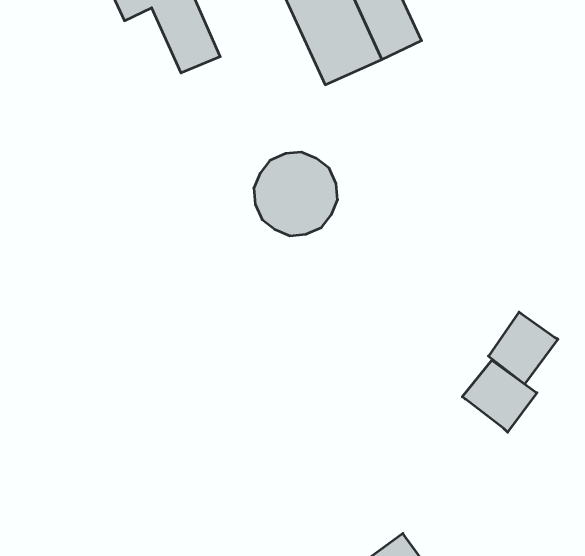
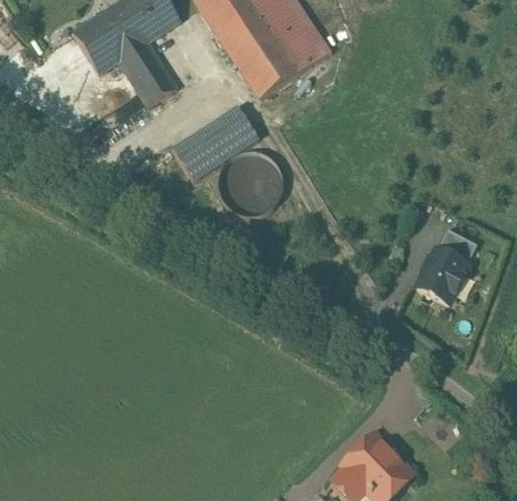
building: none -> [174,107,258,180]
building: none -> [438,229,478,264]
building: [462,360,537,432] -> none

